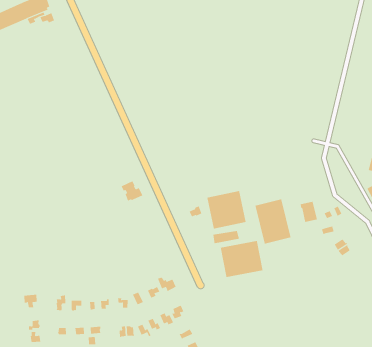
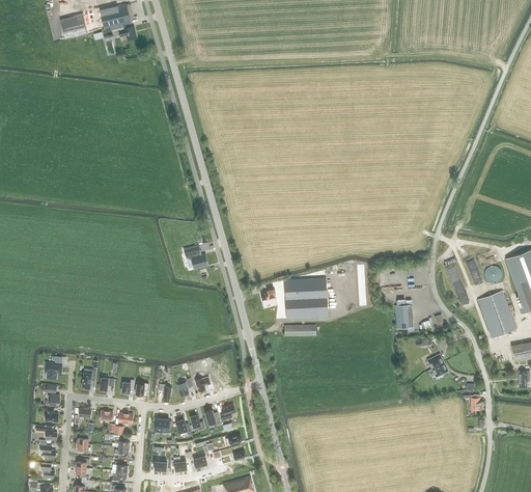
building: [255,198,291,245] -> none
building: [220,240,263,278] -> none

